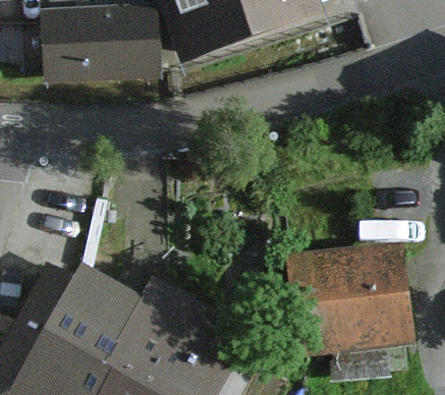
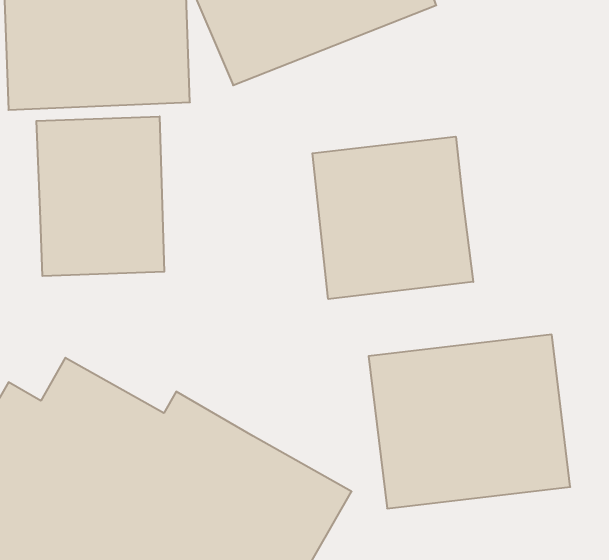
building: none -> [36,116,164,276]
building: none -> [312,137,473,299]

